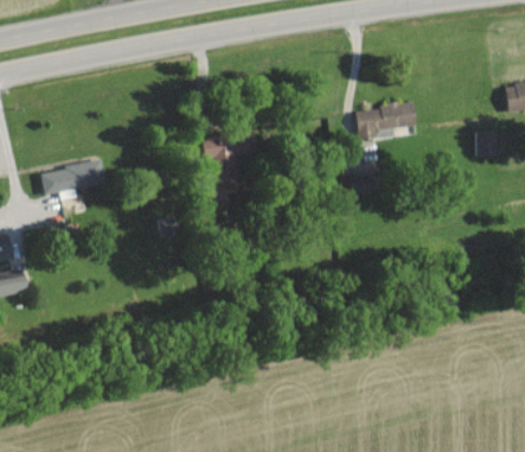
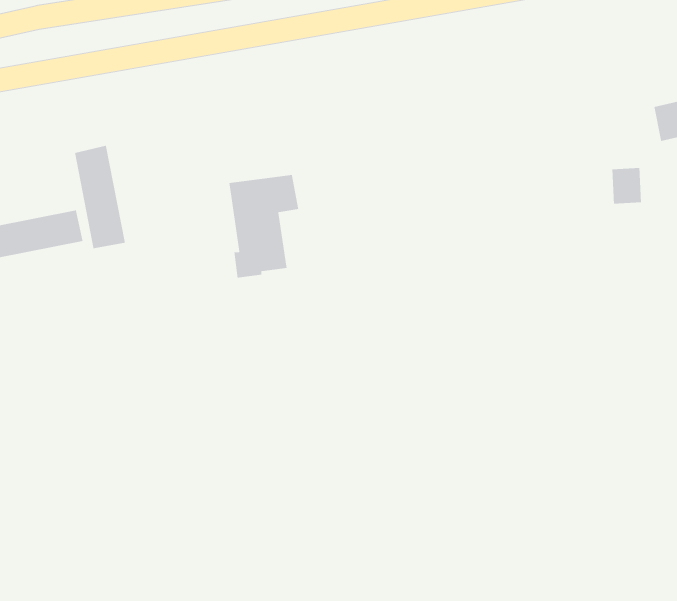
building: [356,101,417,139] -> none
building: none -> [74,145,126,249]

